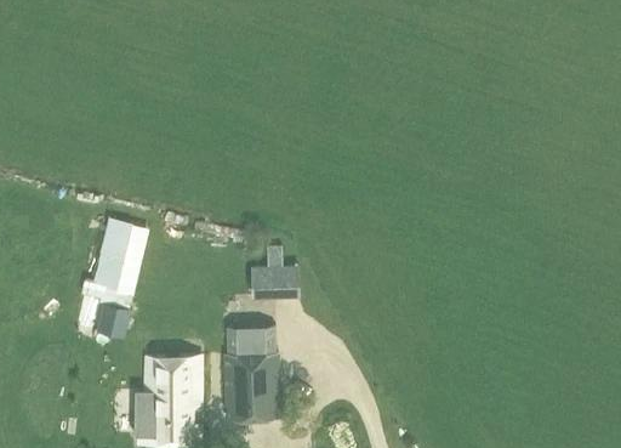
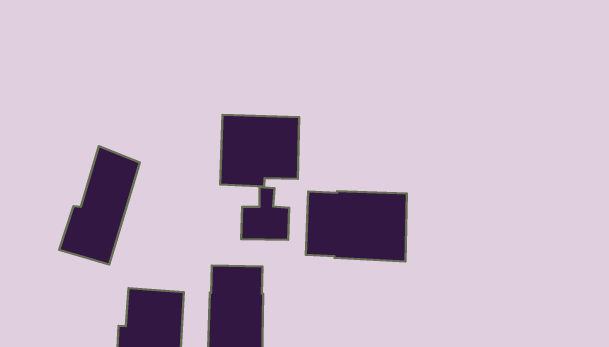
building: none -> [220,115,299,186]
building: none -> [306,191,407,261]

